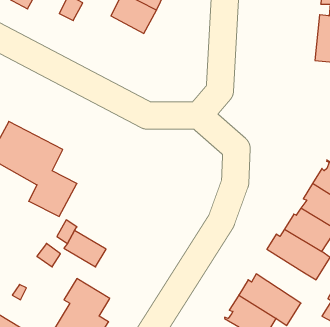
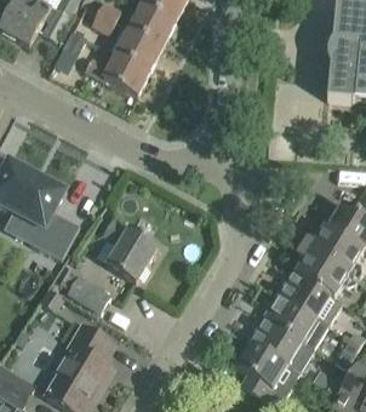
building: none -> [85,51,149,95]
building: none -> [102,216,158,280]
building: none -> [265,292,327,348]

